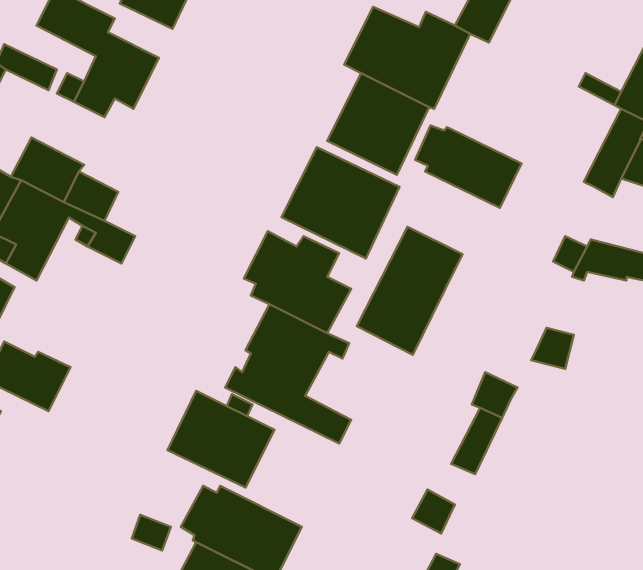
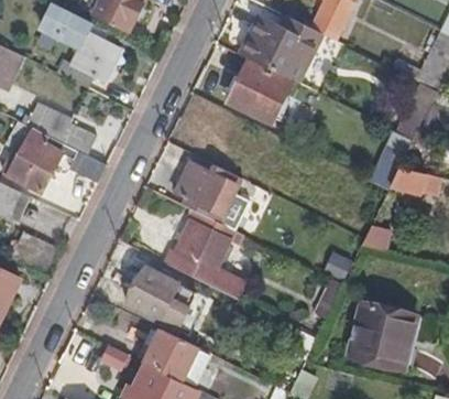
building: [415,125,521,208] -> none
building: [281,147,400,258] -> none
building: [357,227,462,355] -> none
building: none -> [353,304,417,371]

